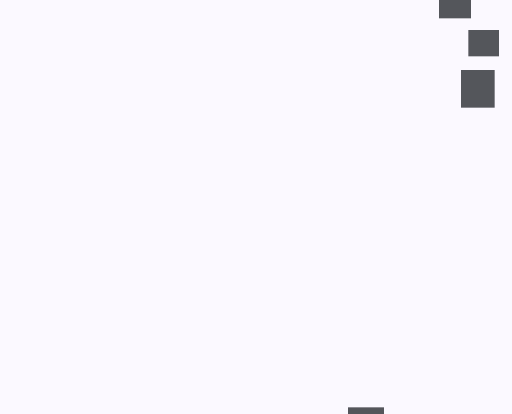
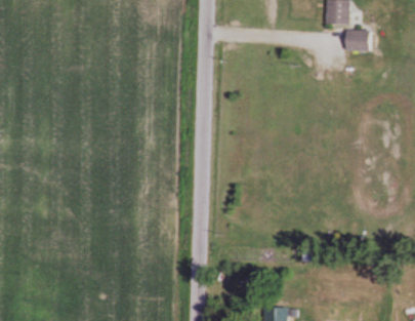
building: [460,69,496,108] -> none

